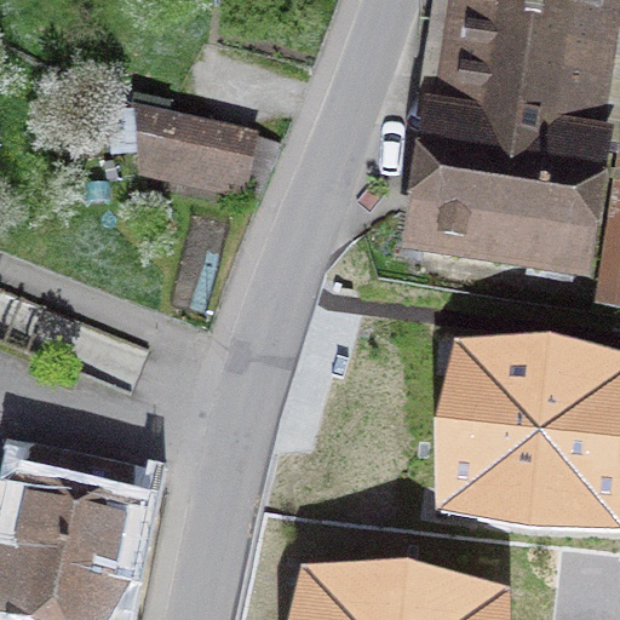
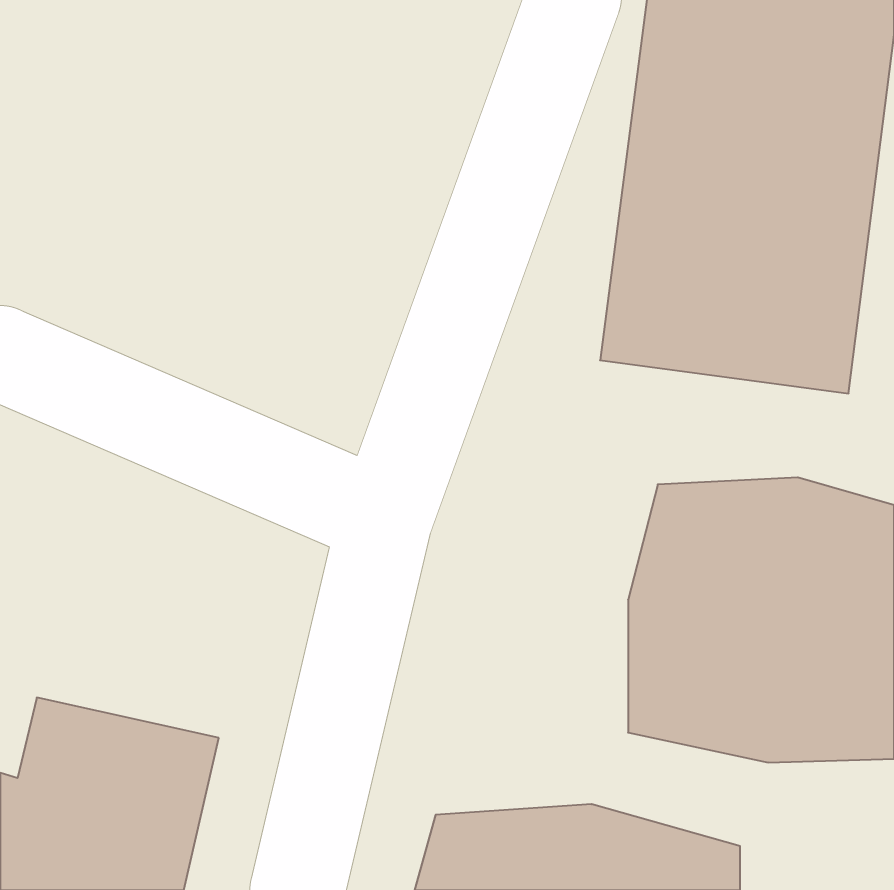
building: [130,111,276,203] -> none

